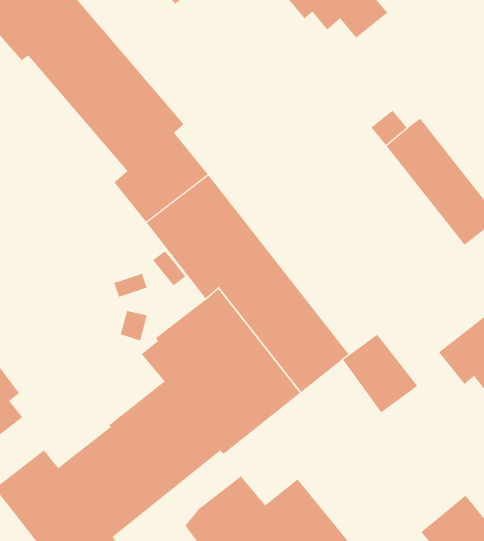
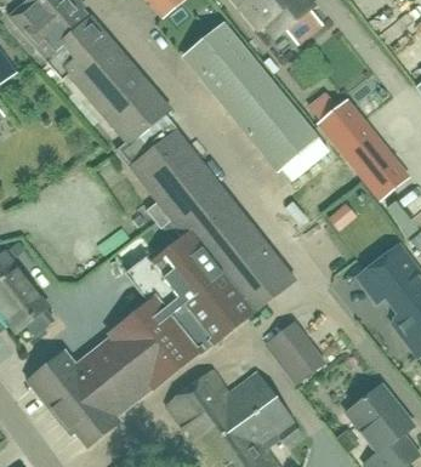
building: none -> [187,23,319,170]
building: [342,334,418,413] -> [267,324,324,383]

